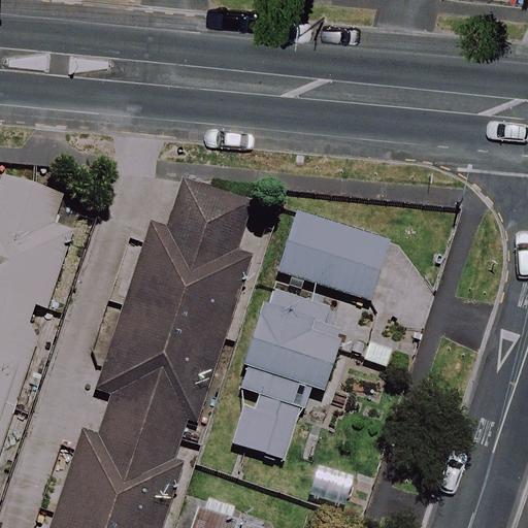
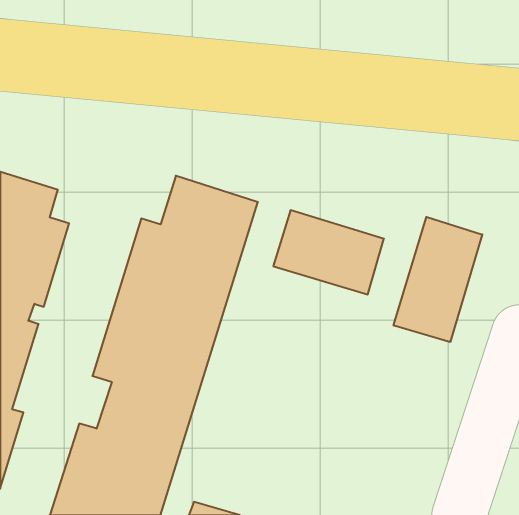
building: none -> [394,217,482,342]
building: [230,291,341,459] -> none

